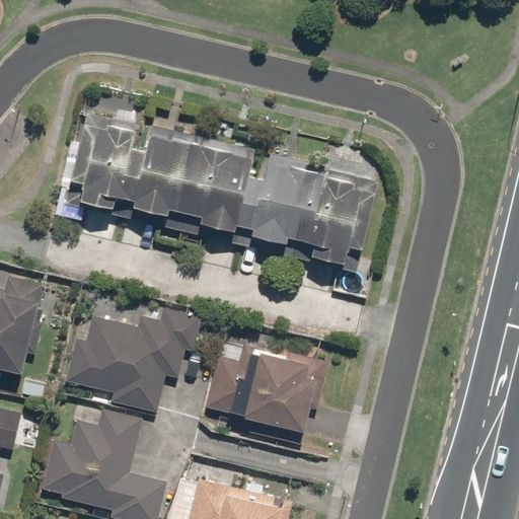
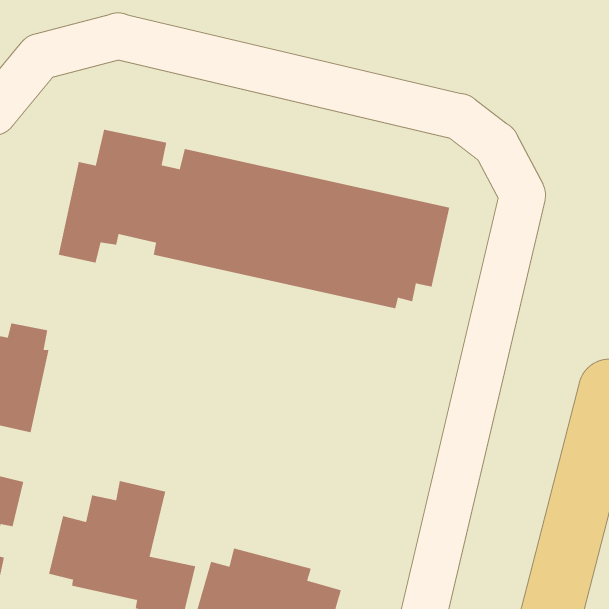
building: [65,309,201,414] -> none
building: [205,342,320,444] -> none

